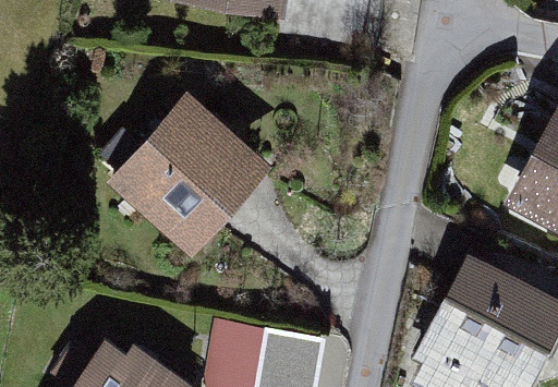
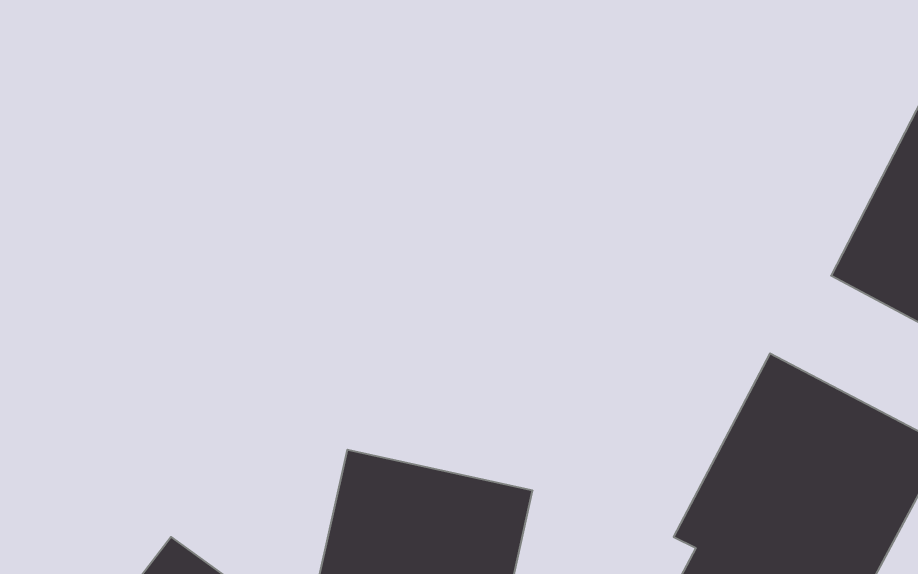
building: [121,114,286,279] -> none

